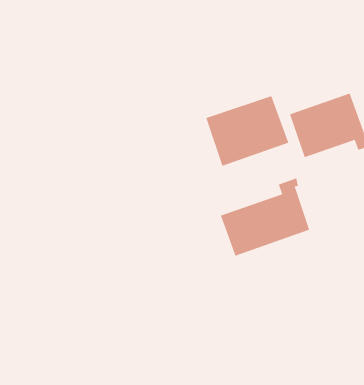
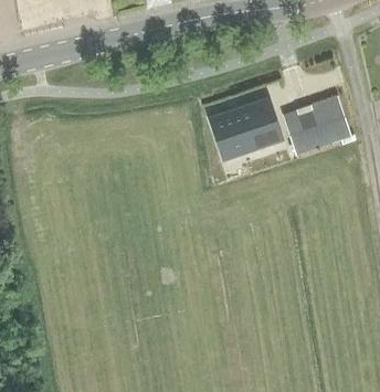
building: [220,177,310,256] -> none

